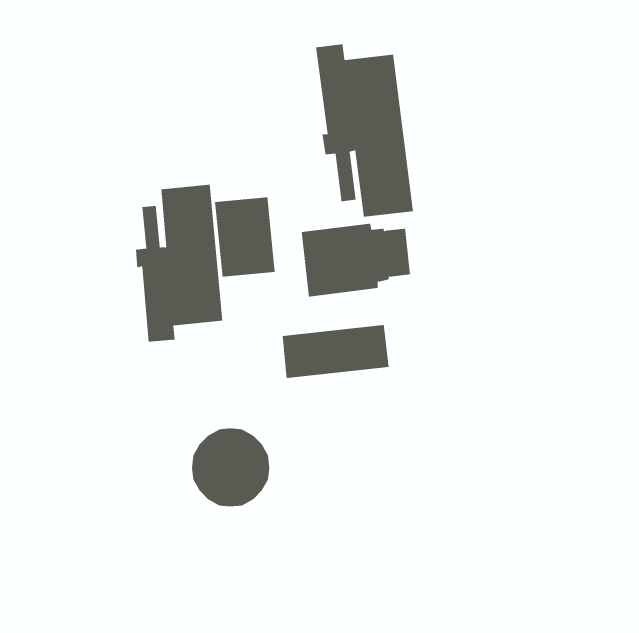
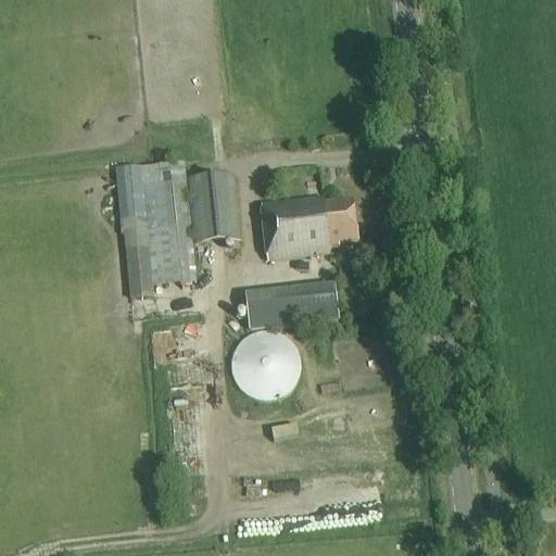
building: [316,43,413,218] -> none
building: [191,428,270,507] -> [230,329,299,397]

